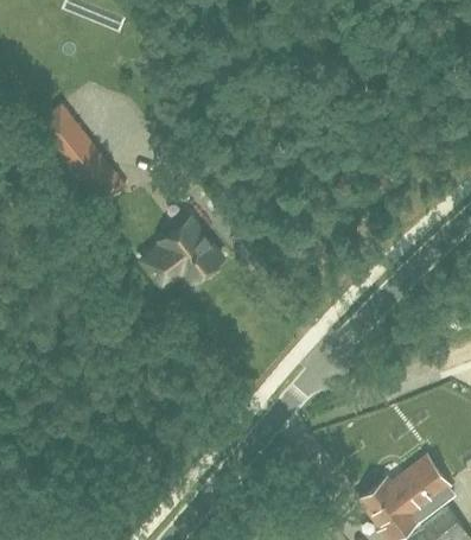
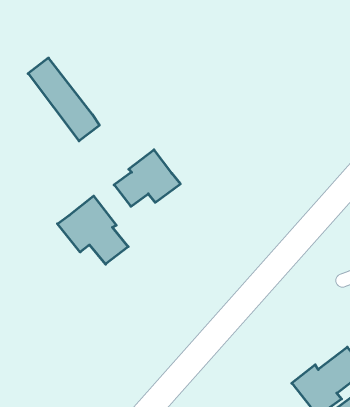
building: none -> [57,196,128,264]

